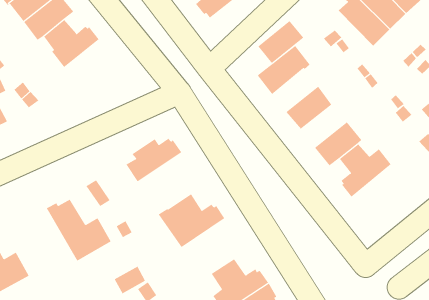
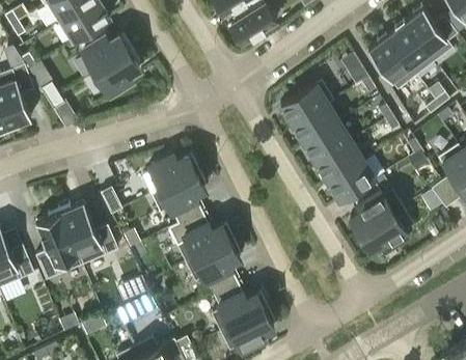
building: [258,20,304,64] -> [293,104,339,144]
building: none -> [92,51,139,99]
building: none -> [317,142,363,183]
building: none -> [150,171,205,225]
building: none -> [358,207,413,251]
building: none -> [35,210,82,281]
building: none -> [186,241,240,294]

